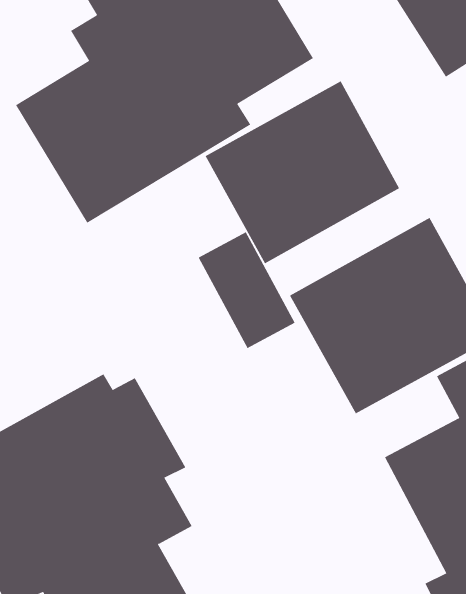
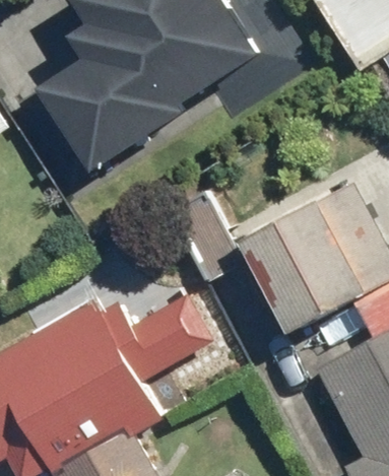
building: [205,81,400,264] -> none

